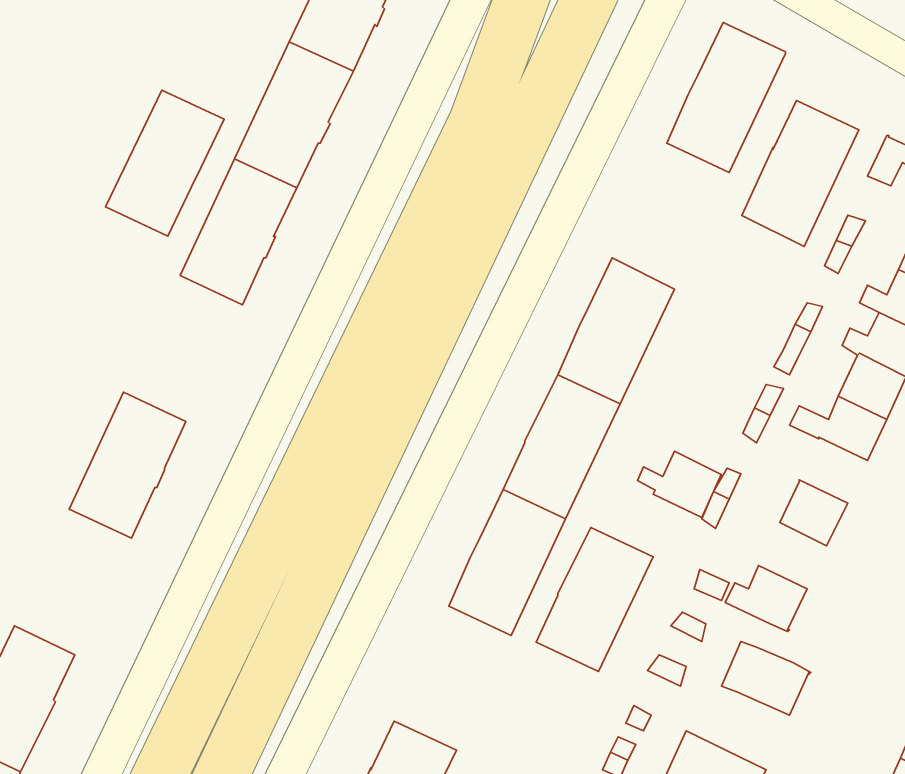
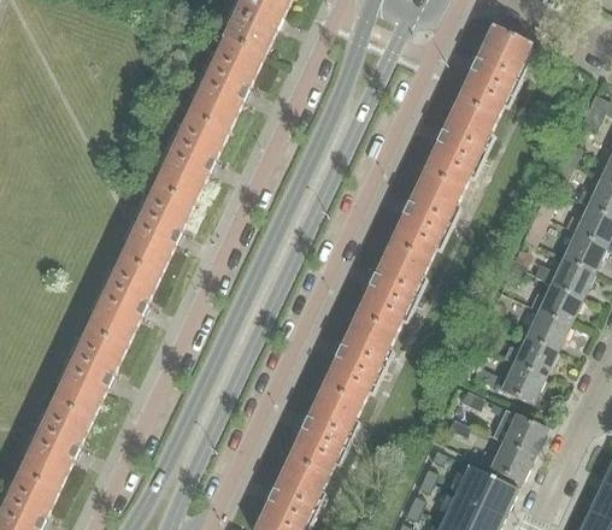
building: [105,90,224,236] -> [122,182,195,272]
building: [742,101,859,247] -> [424,100,496,190]
building: none -> [530,282,582,323]
building: [638,451,721,517] -> [505,335,557,376]
building: none -> [54,326,126,417]
building: [536,527,653,671] -> [289,387,361,476]
building: none -> [489,440,534,479]

